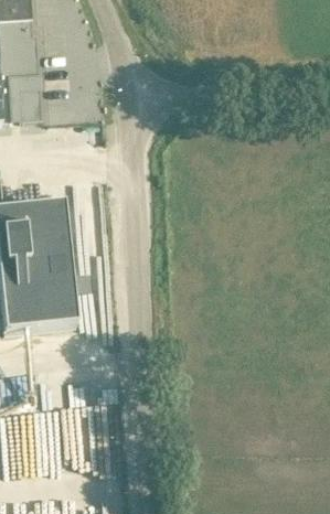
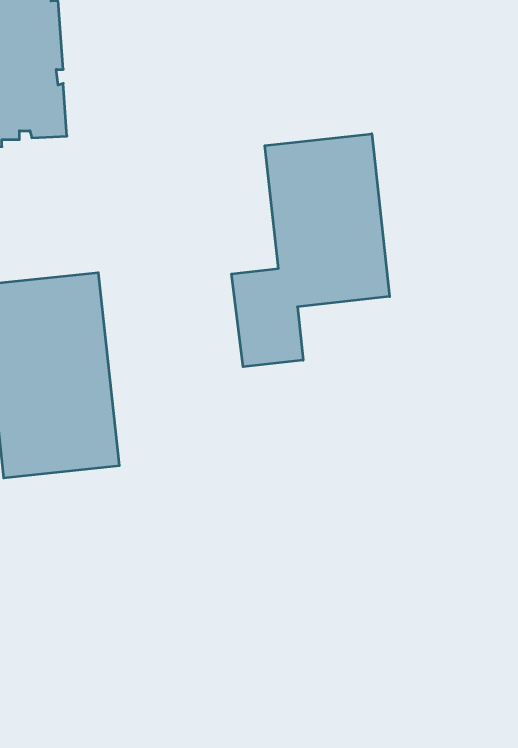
building: none -> [232,134,390,367]

